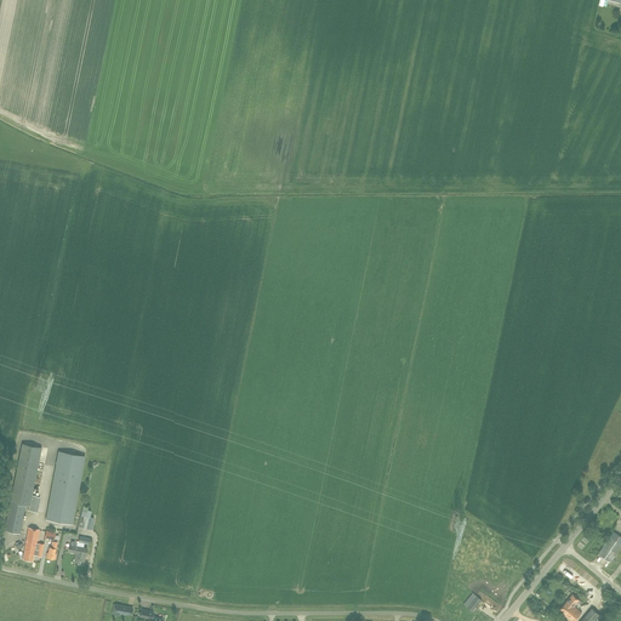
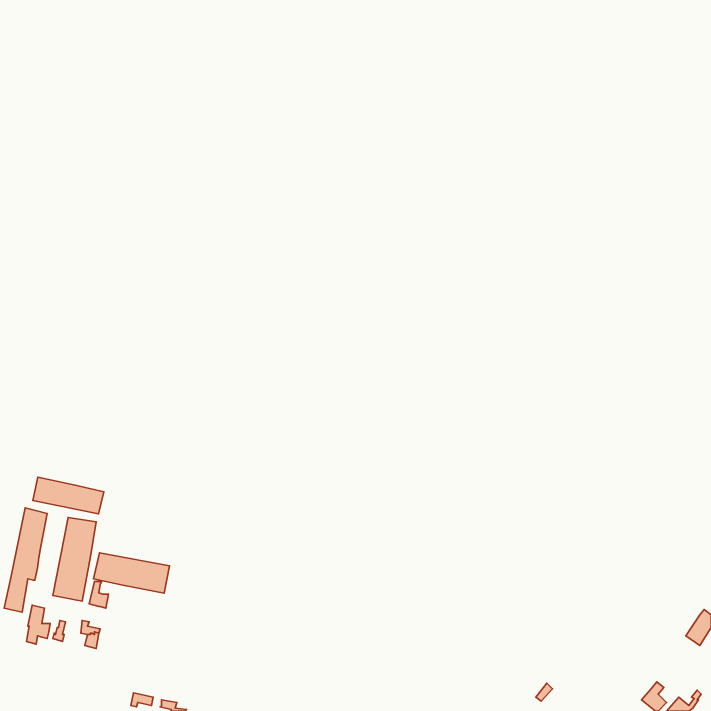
building: none -> [33,477,104,514]
building: none -> [93,553,170,593]

